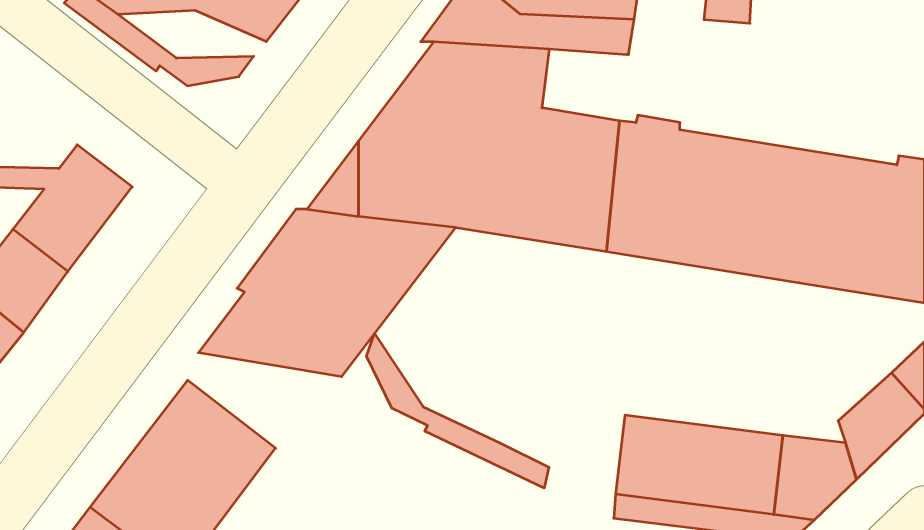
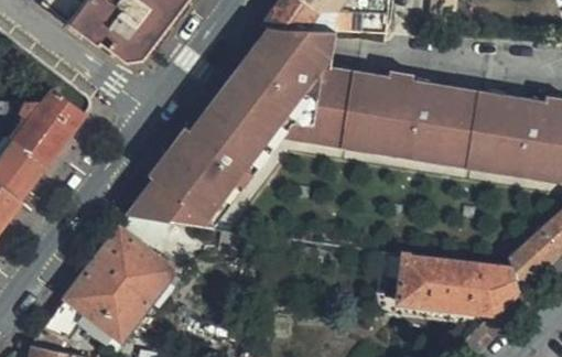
building: none -> [77,8,166,36]
building: [366,334,549,488] -> none

